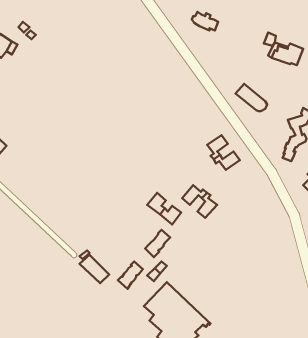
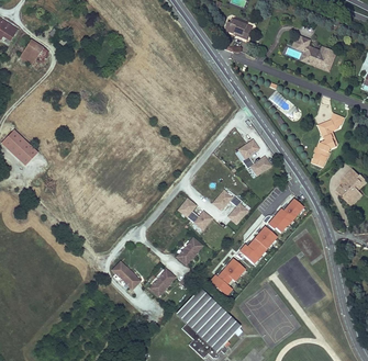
building: none -> [237,199,303,264]
building: none -> [207,258,245,298]

